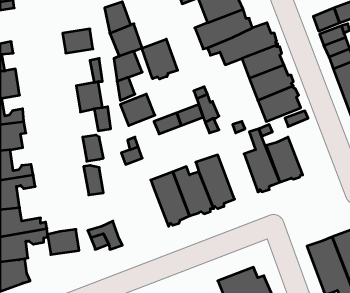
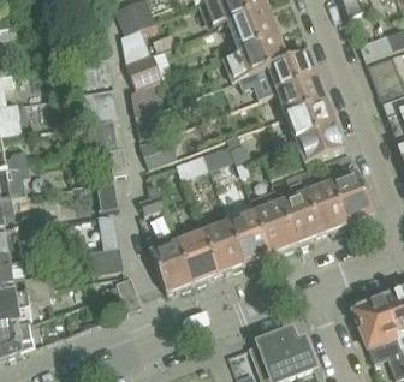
building: [142,39,178,79] -> none
building: none -> [331,172,373,225]
building: none -> [249,189,296,252]
building: none -> [150,240,194,291]
building: [48,229,79,255] -> [88,245,124,274]

